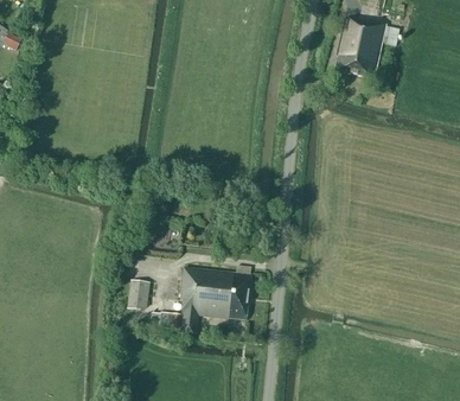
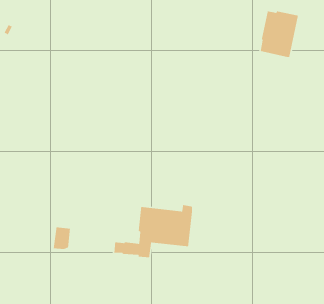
building: [127,280,149,310] -> [53,226,71,250]

